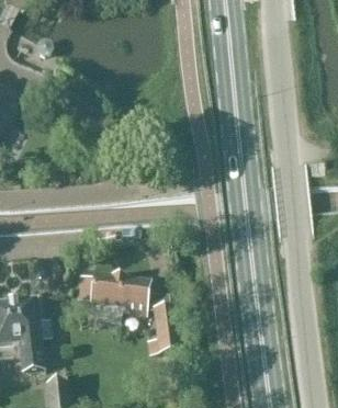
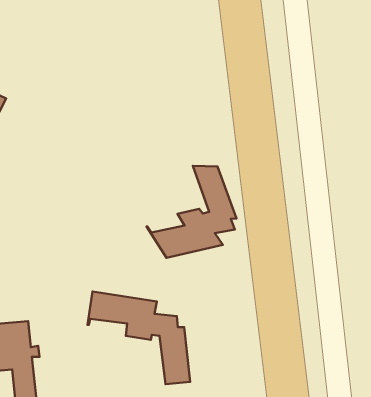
building: none -> [146,166,237,258]

